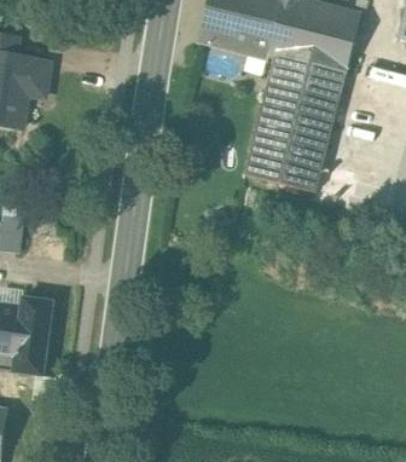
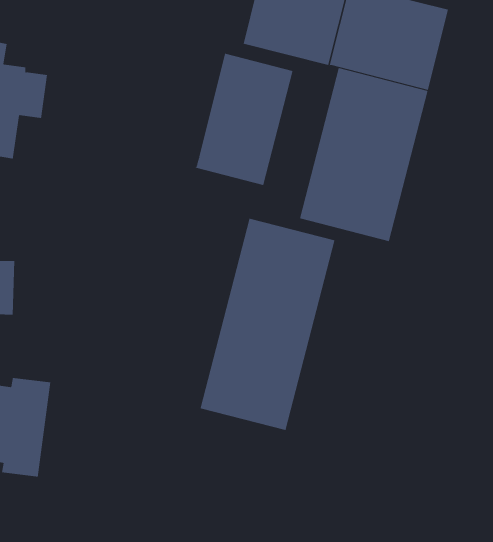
building: none -> [195,53,293,186]
building: none -> [200,218,335,431]

